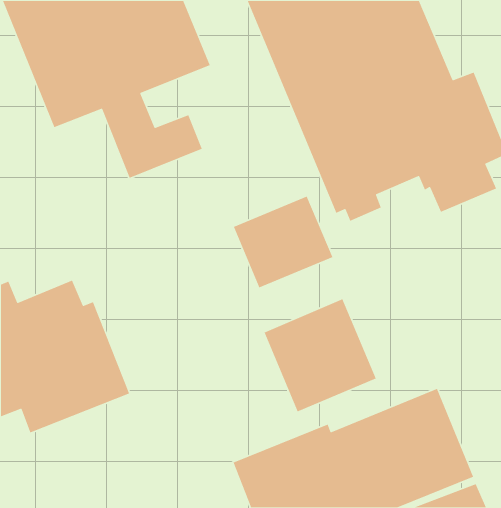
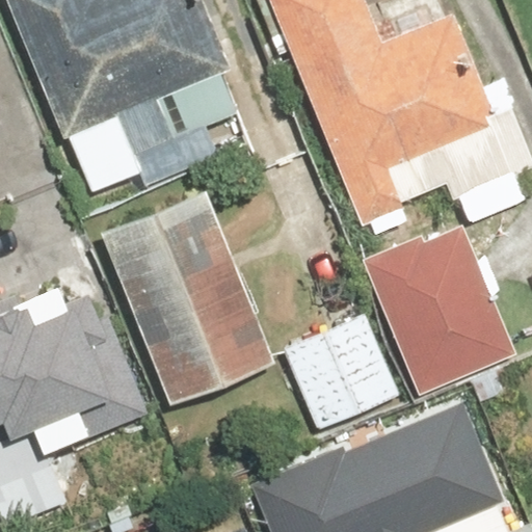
building: none -> [98,188,274,406]
building: [233,195,333,289] -> none
building: none -> [363,224,517,394]

